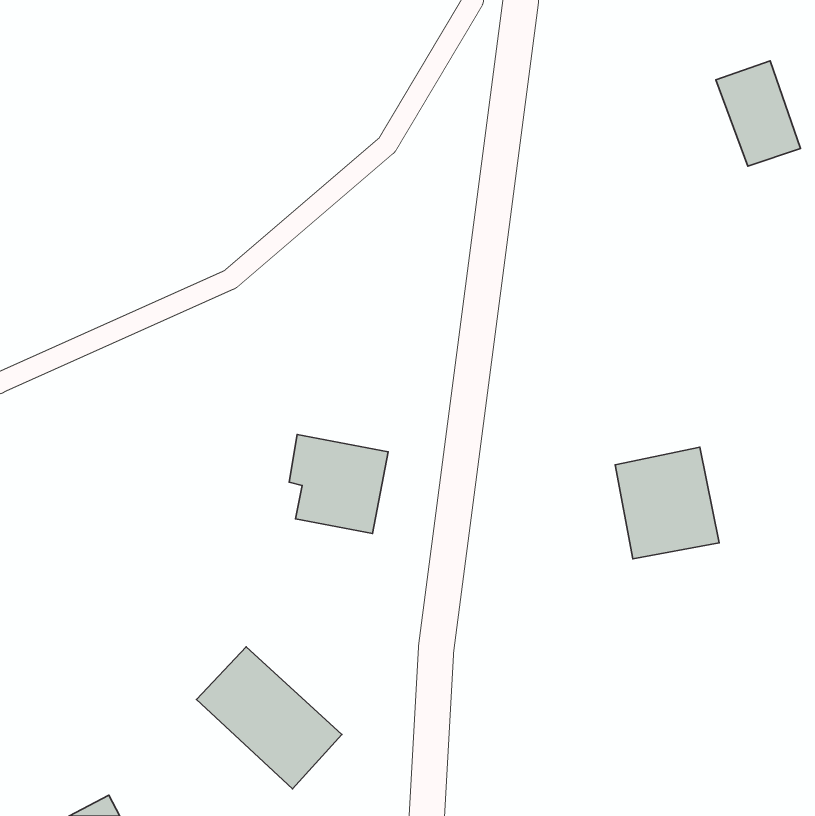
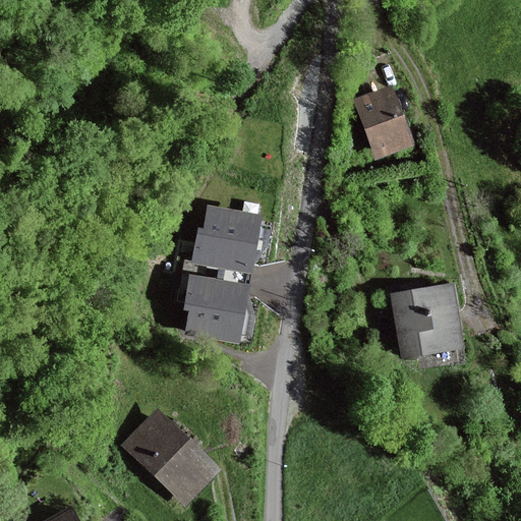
building: [716,61,801,166] -> [356,89,410,156]
building: none -> [192,211,259,272]

